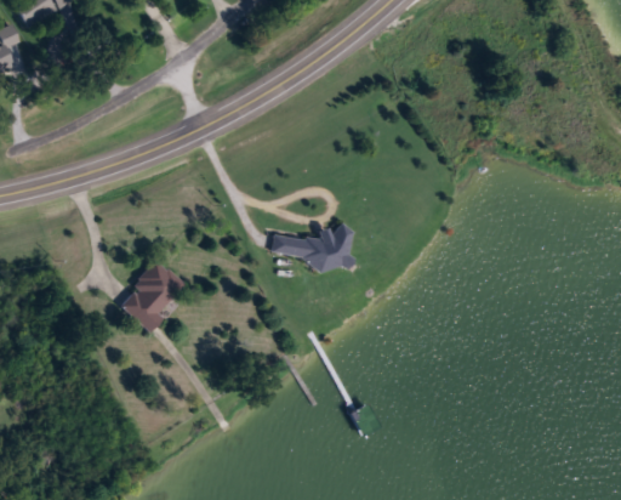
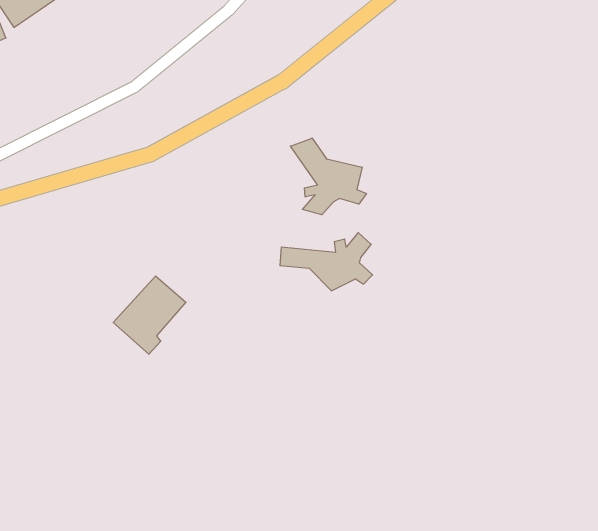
building: none -> [290,138,366,215]

